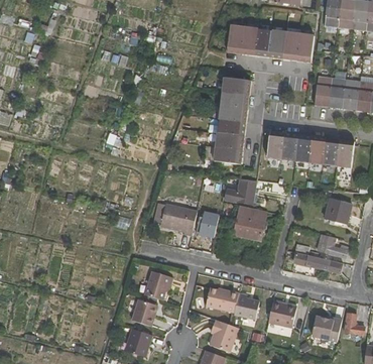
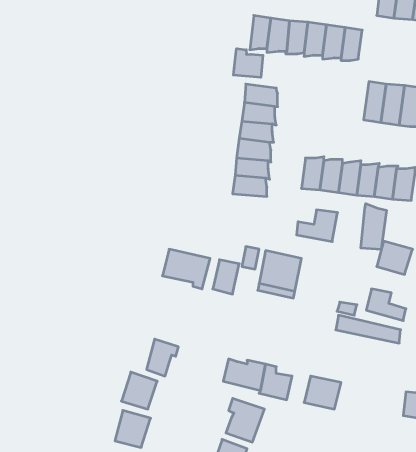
building: none -> [233,49,263,77]
building: none -> [361,204,386,249]
building: [225,179,256,204] -> [297,210,338,242]
building: [312,316,342,341] -> none

